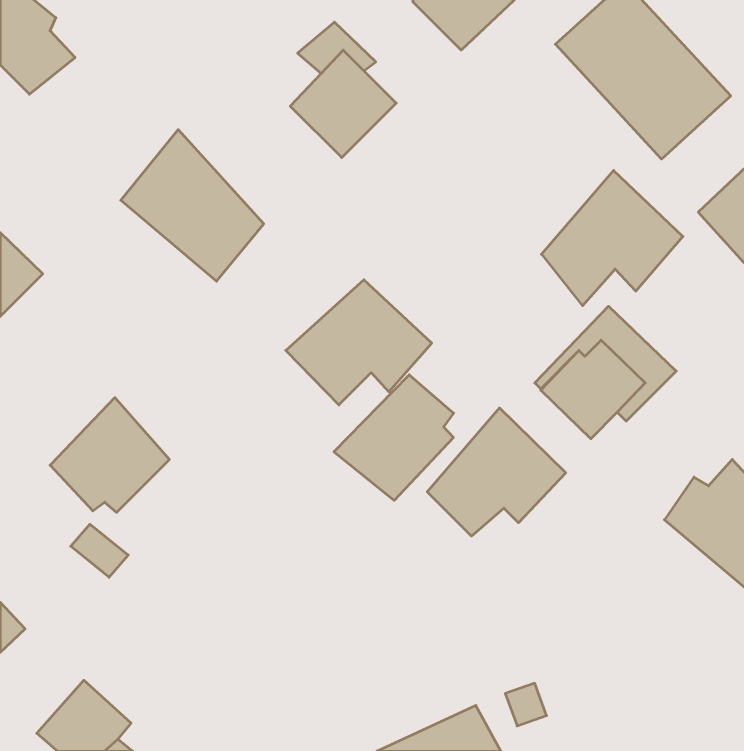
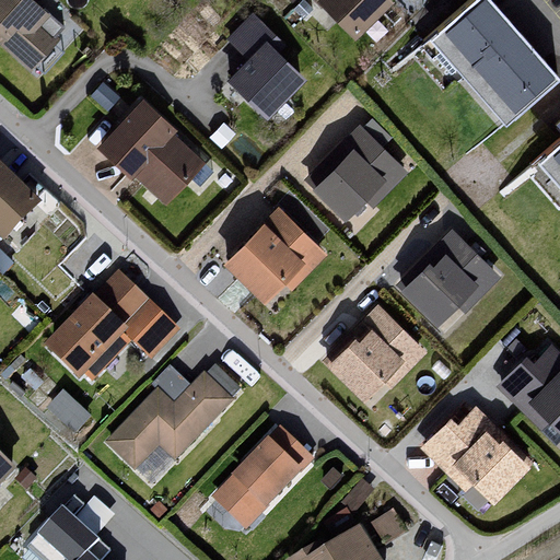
building: [541,170,683,306] -> [310,121,415,222]
building: none -> [92,267,183,361]
building: [334,375,454,500] -> none
building: none -> [106,373,232,471]
building: none -> [421,404,536,511]
building: none -> [215,428,318,529]

